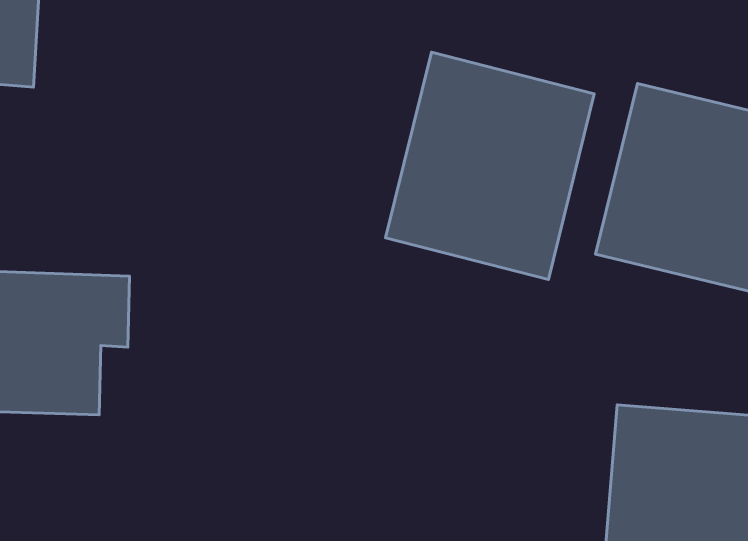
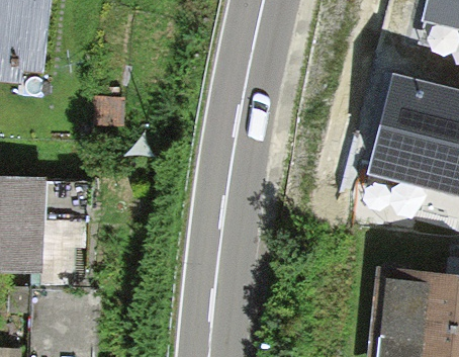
building: [386,52,594,279] -> none

